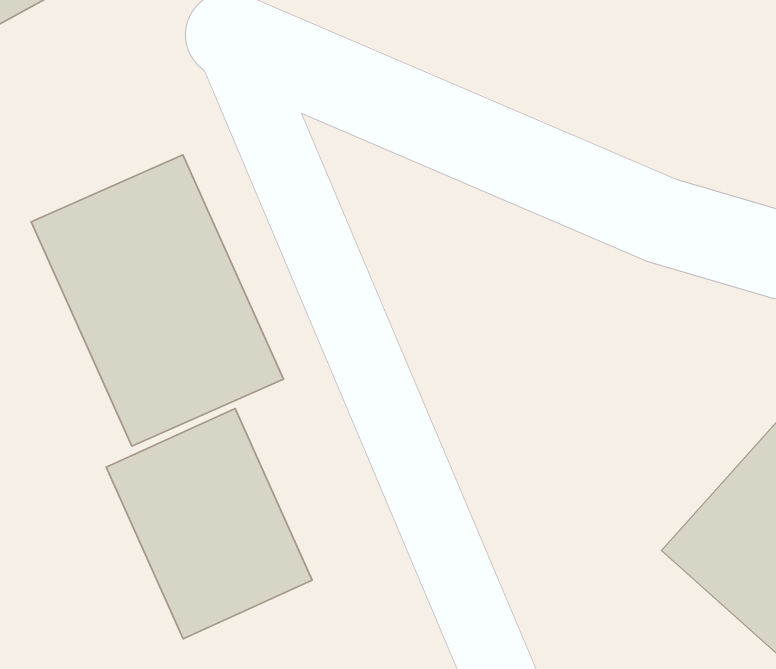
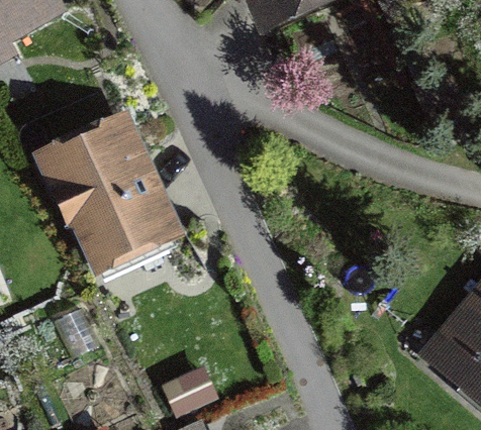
building: [106,409,312,639] -> none

